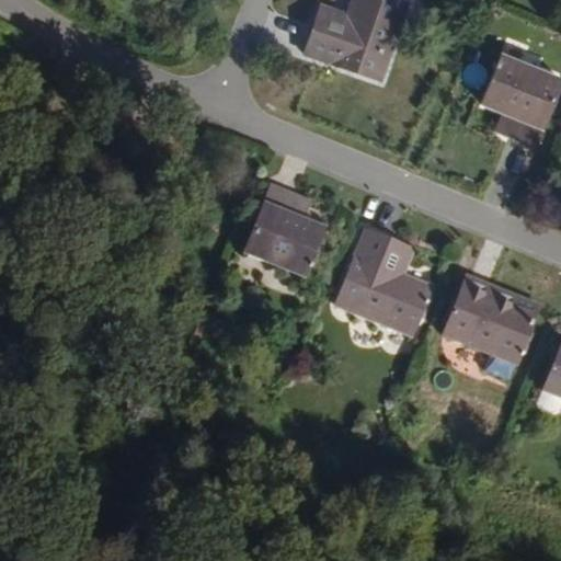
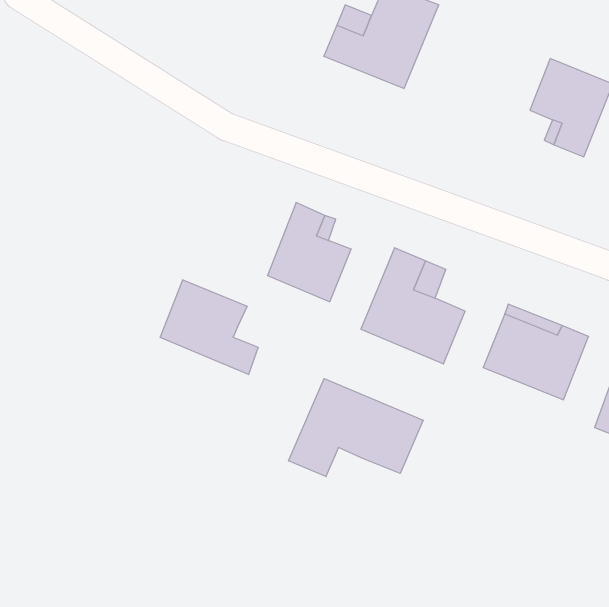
building: none -> [160,280,258,375]
building: none -> [289,379,423,477]

